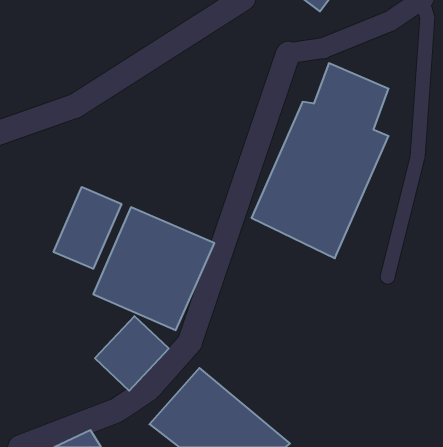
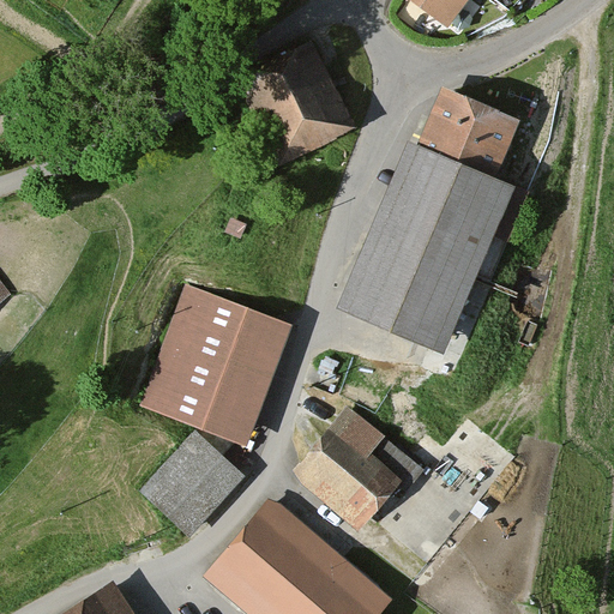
building: none -> [229,40,347,170]
building: [54,187,121,269] -> none
building: none -> [293,404,426,531]

